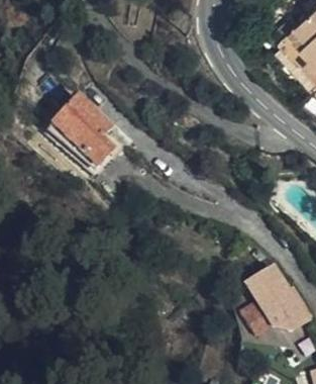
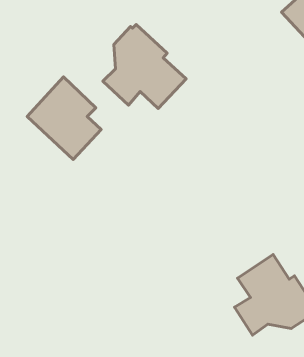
building: none -> [103,25,186,109]

